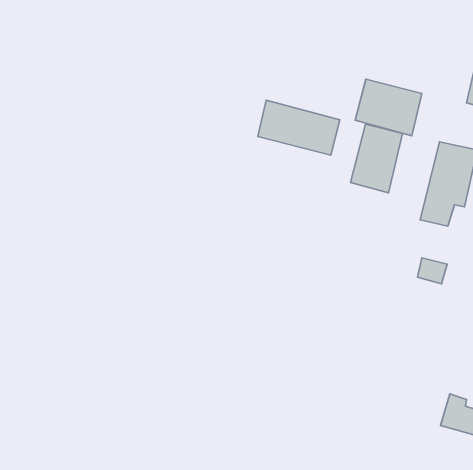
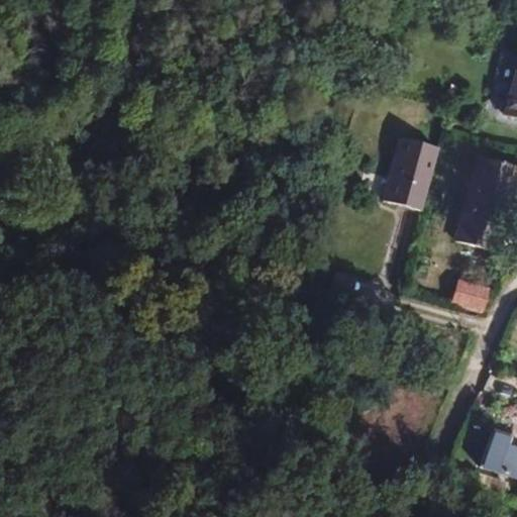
building: [355,79,422,136] -> none
building: [258,100,340,155] -> none

